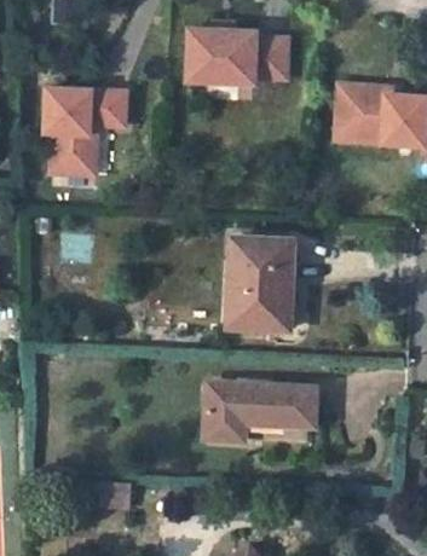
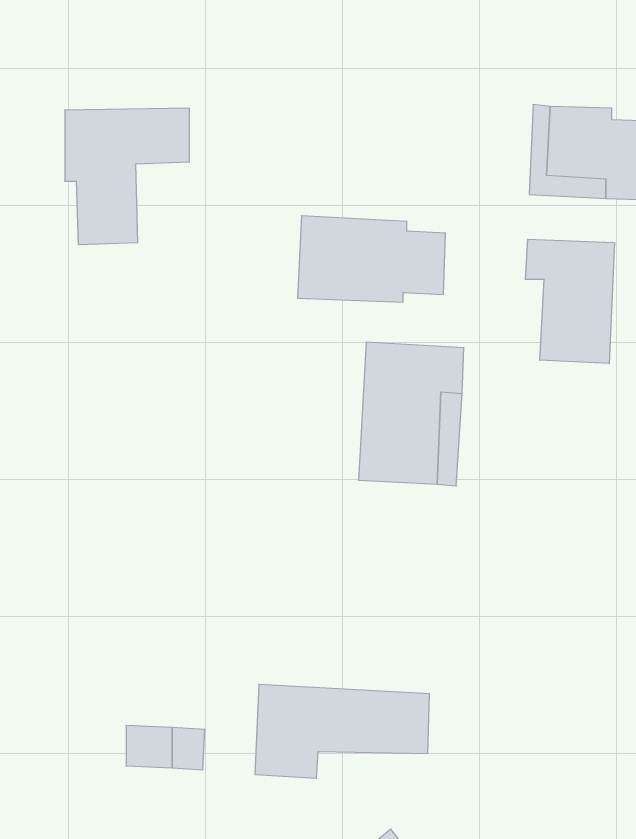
building: [189,30,282,85] -> [298,216,445,302]
building: none -> [526,239,614,364]
building: [207,381,317,440] -> [255,684,430,778]

